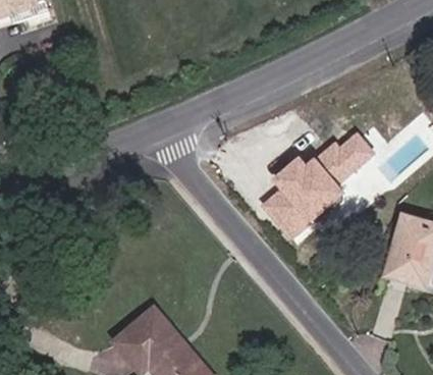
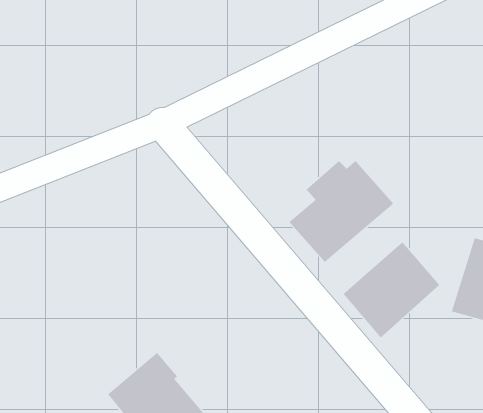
building: [315,129,374,181] -> none
building: none -> [343,241,440,339]

